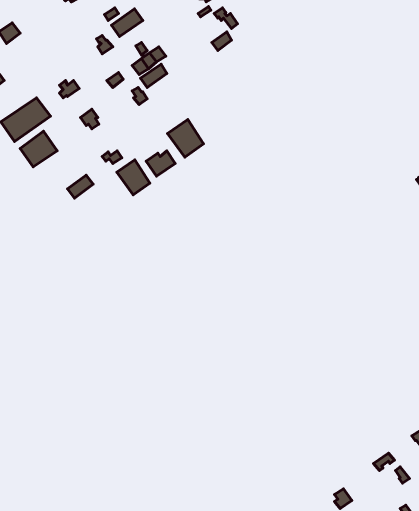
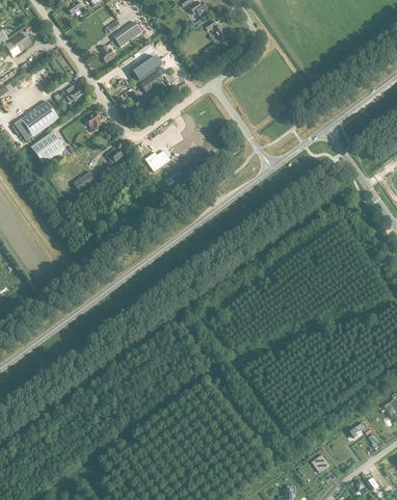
building: [167,120,204,157] -> none
building: [117,160,150,195] -> none

